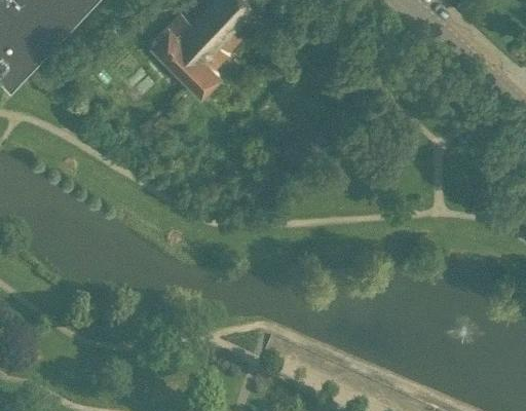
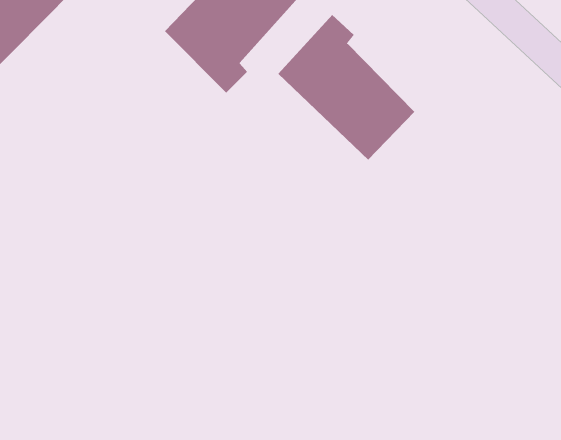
building: none -> [278,14,415,161]

